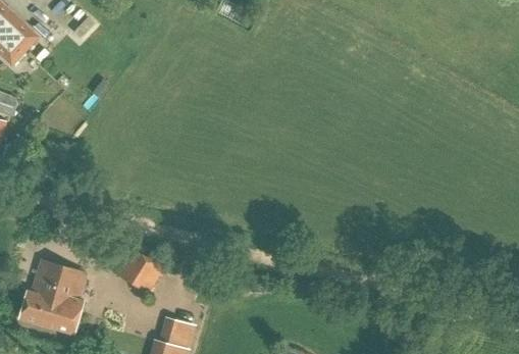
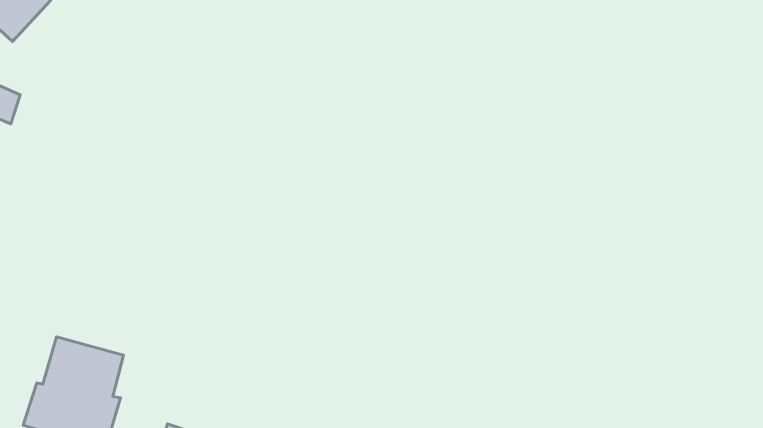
building: [115,249,164,294] -> none

